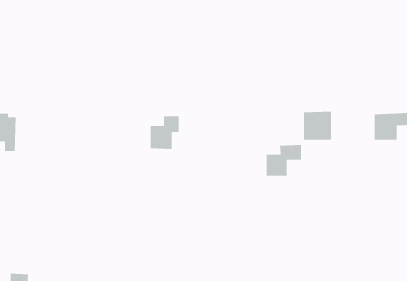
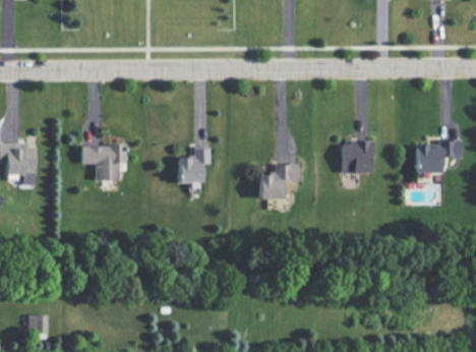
building: none -> [82,144,127,180]
building: [266,144,302,177] -> [260,164,299,198]

